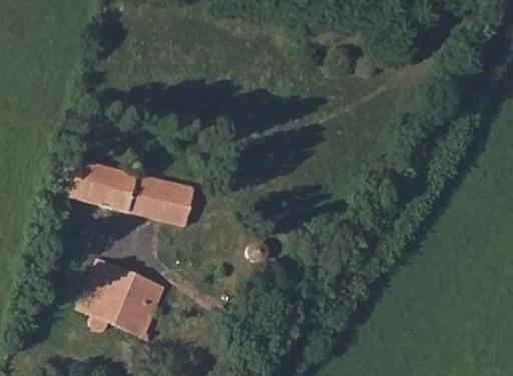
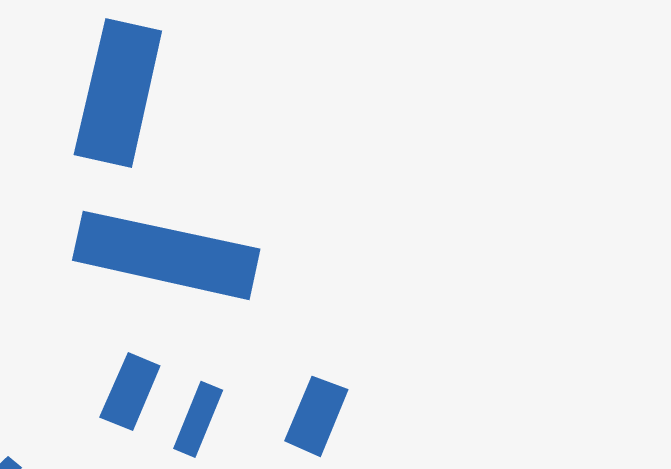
building: none -> [72,17,163,169]
building: [104,271,151,330] -> [283,374,350,459]

